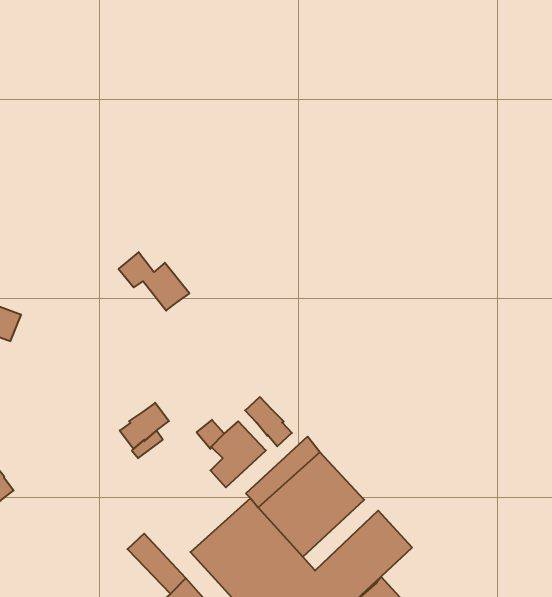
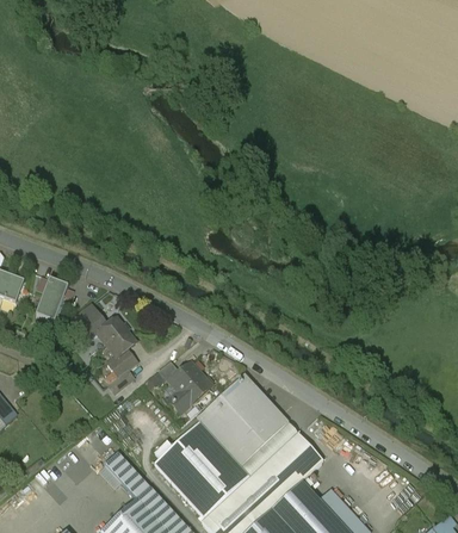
building: [119,252,189,311] -> [80,310,135,355]
building: none -> [35,279,66,320]
building: [245,397,292,446] -> none

